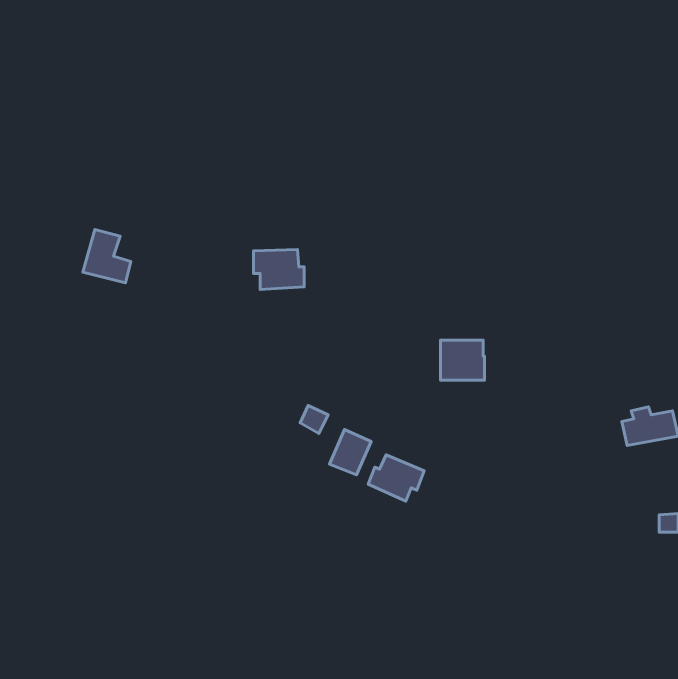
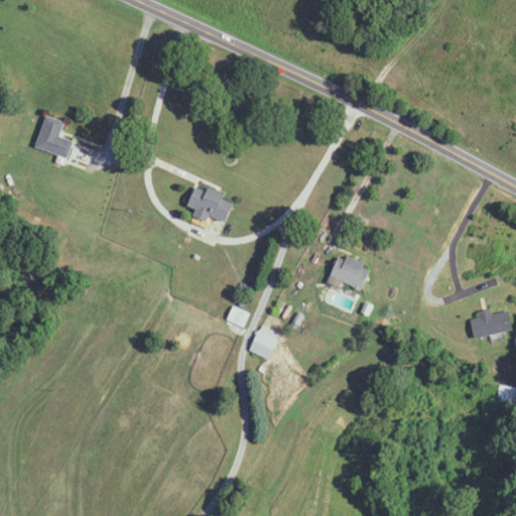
building: [83,229,131,283] -> [35,116,72,156]
building: [368,455,424,501] -> none

